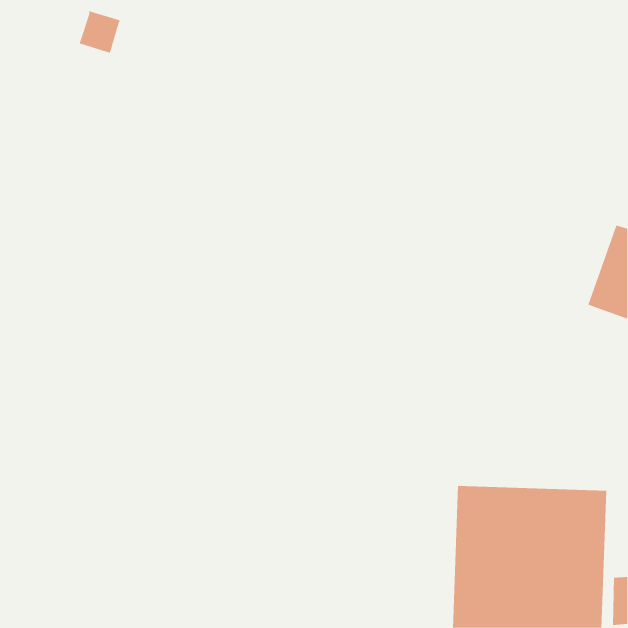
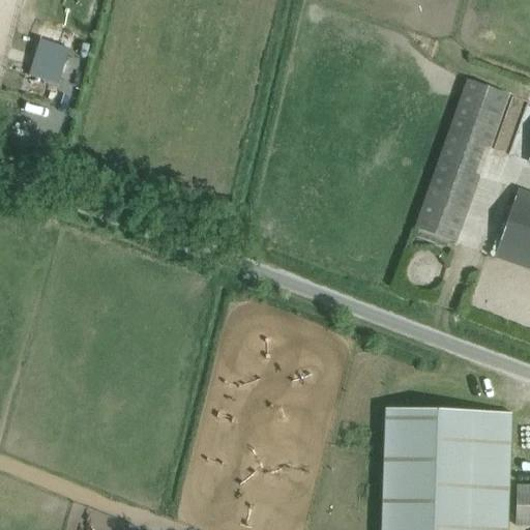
building: [79,10,120,53] -> [32,42,67,79]
building: none -> [414,81,508,243]

